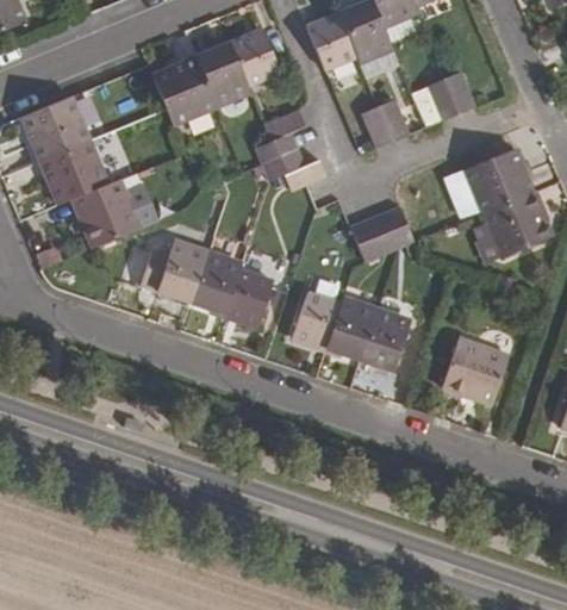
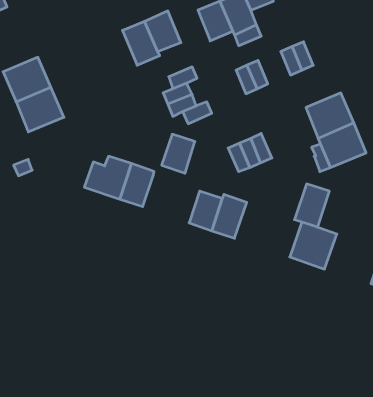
building: [150,55,216,125] -> none
building: [70,178,157,248] -> none
building: [224,268,273,325] -> [162,134,195,173]
building: [359,307,410,371] -> [294,184,329,227]

